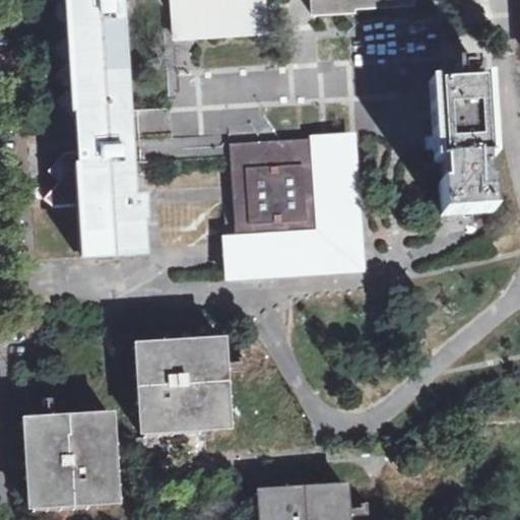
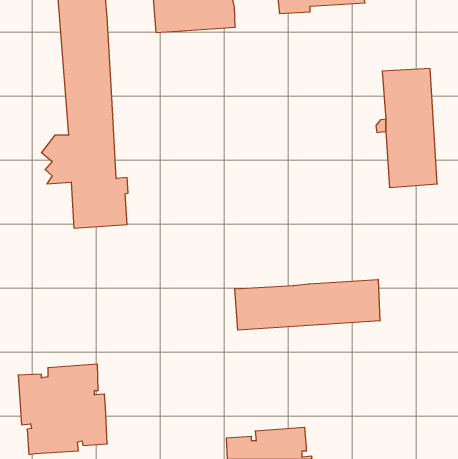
building: [228,135,355,269] -> none
building: none -> [235,279,380,330]
building: [135,337,236,437] -> none

